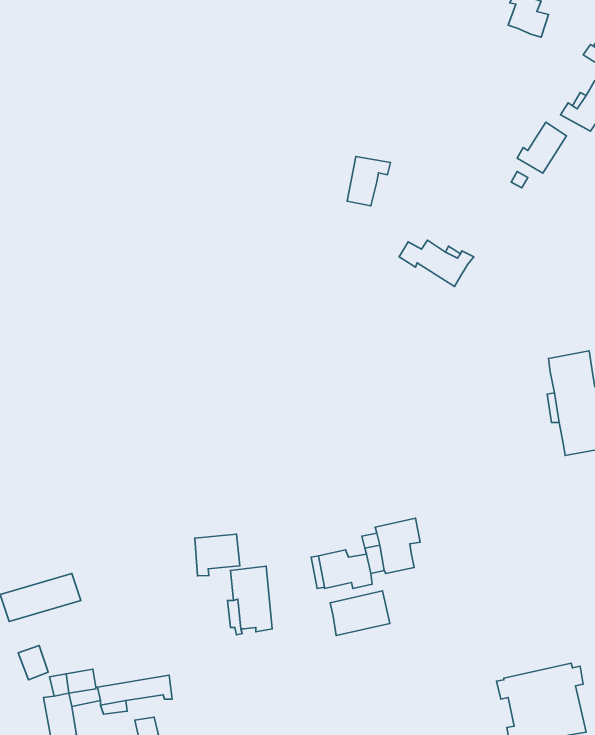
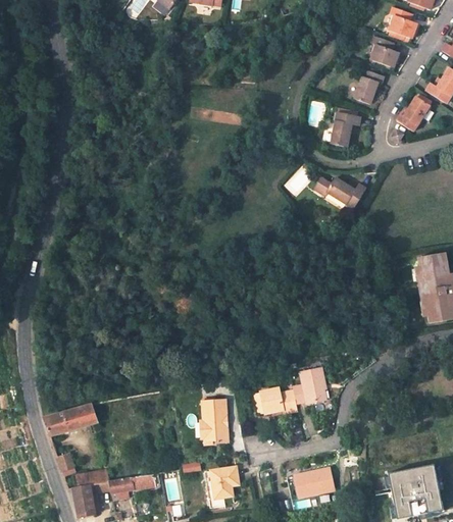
building: none -> [370,36,399,67]
building: none -> [355,69,384,103]
building: [347,156,390,206] -> [331,112,360,146]
building: [195,534,240,576] -> none
building: [330,591,390,636] -> [295,466,336,497]
building: none -> [205,467,238,509]

